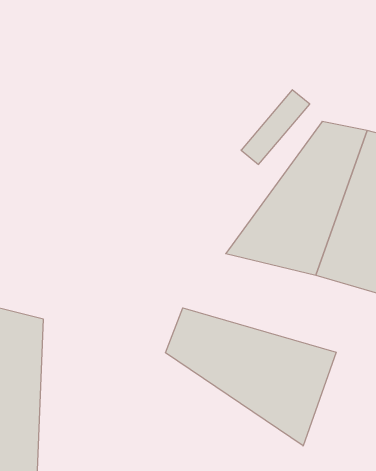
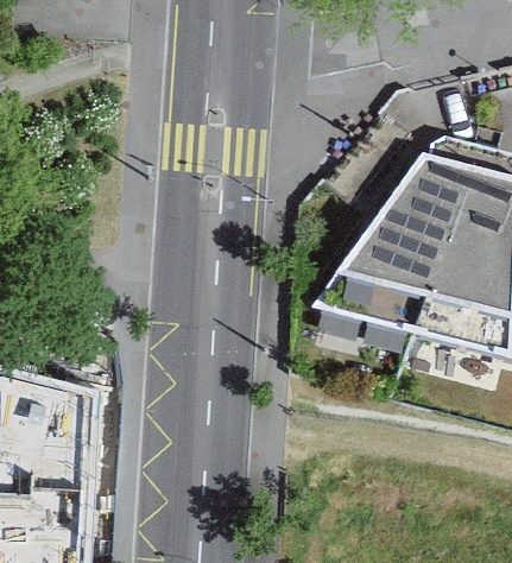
building: [166,308,336,446] -> none

